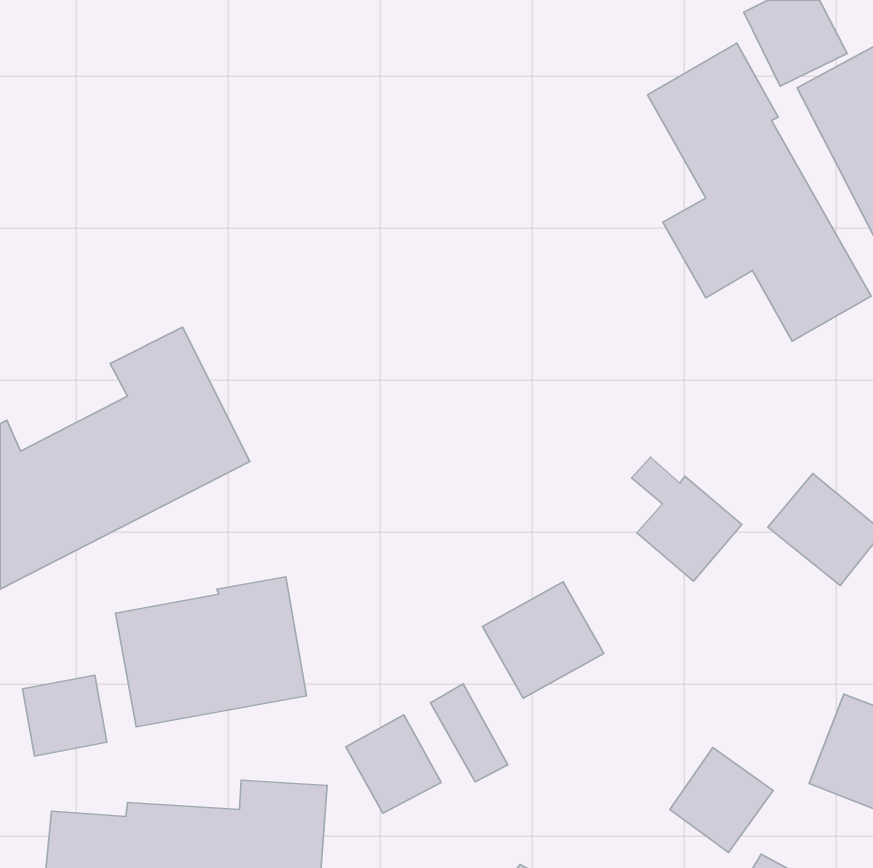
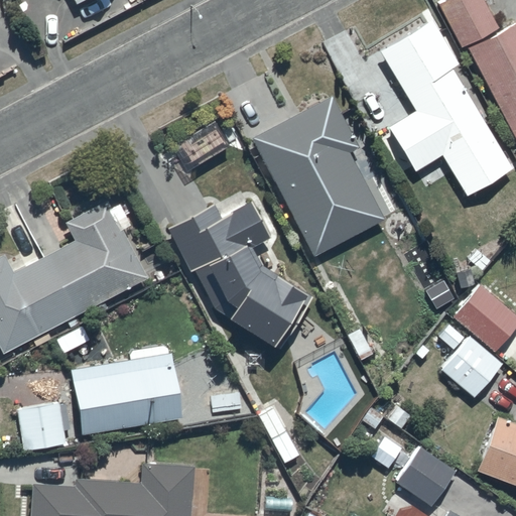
building: none -> [257,108,383,256]
building: none -> [169,191,314,348]
building: [632,457,742,581] -> [438,325,503,397]
building: [483,582,604,698] -> none
building: [346,715,441,813] -> none

